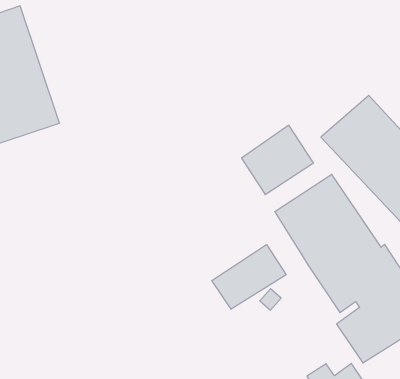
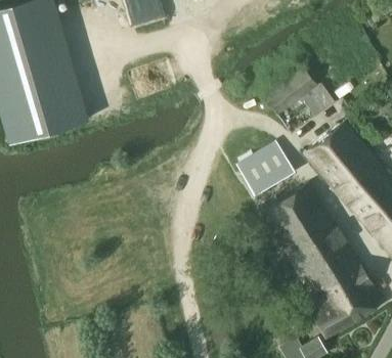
building: none -> [262,65,334,132]
building: [212,245,286,309] -> none

